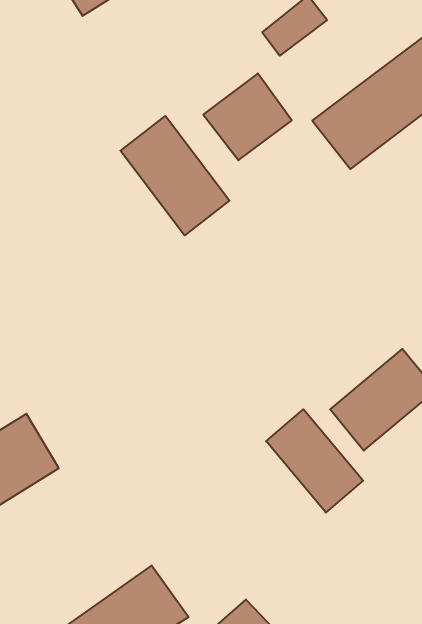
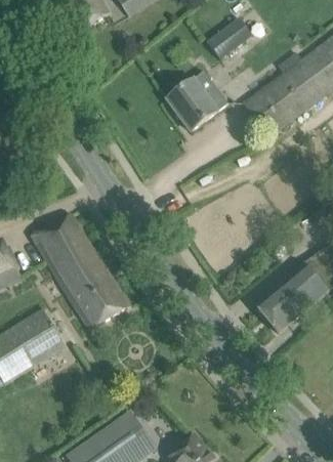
building: [120,116,230,235] -> none
building: none -> [32,213,130,329]
building: [266,409,363,513] -> none

